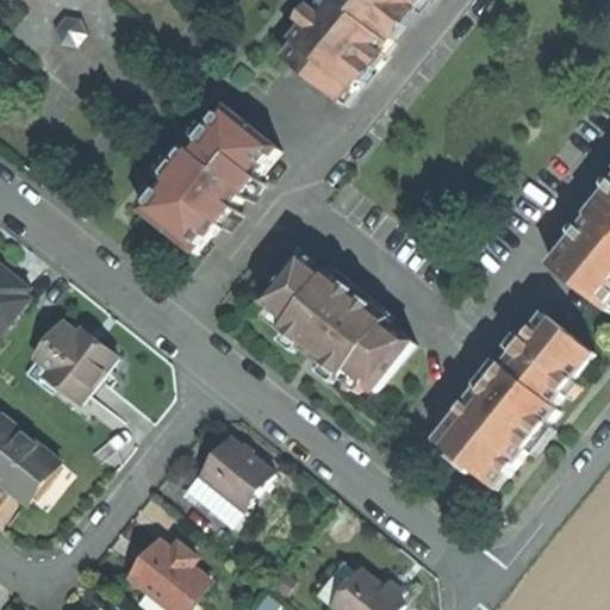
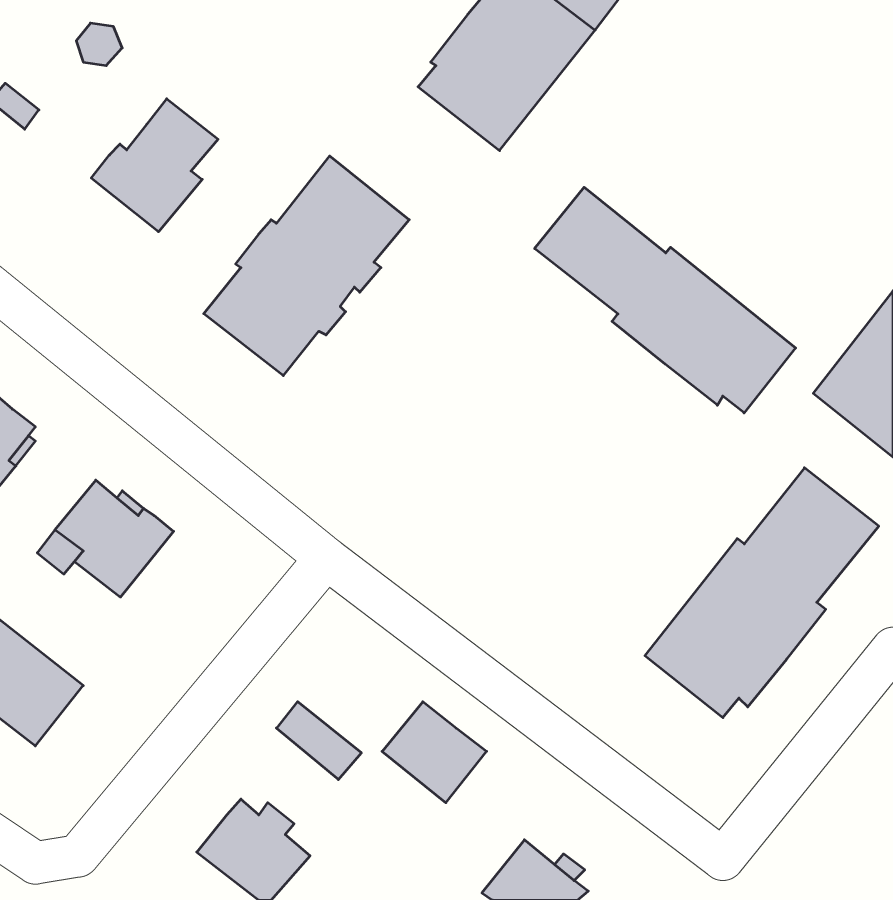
building: none -> [91,99,218,232]
building: none -> [535,187,796,413]
building: [259,253,410,391] -> none
building: [200,438,270,506] -> [382,702,487,803]

